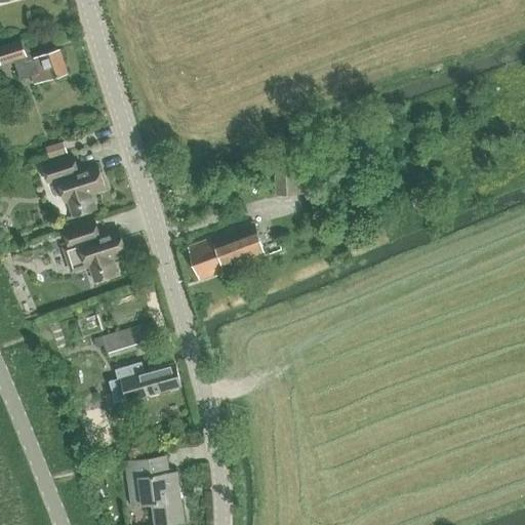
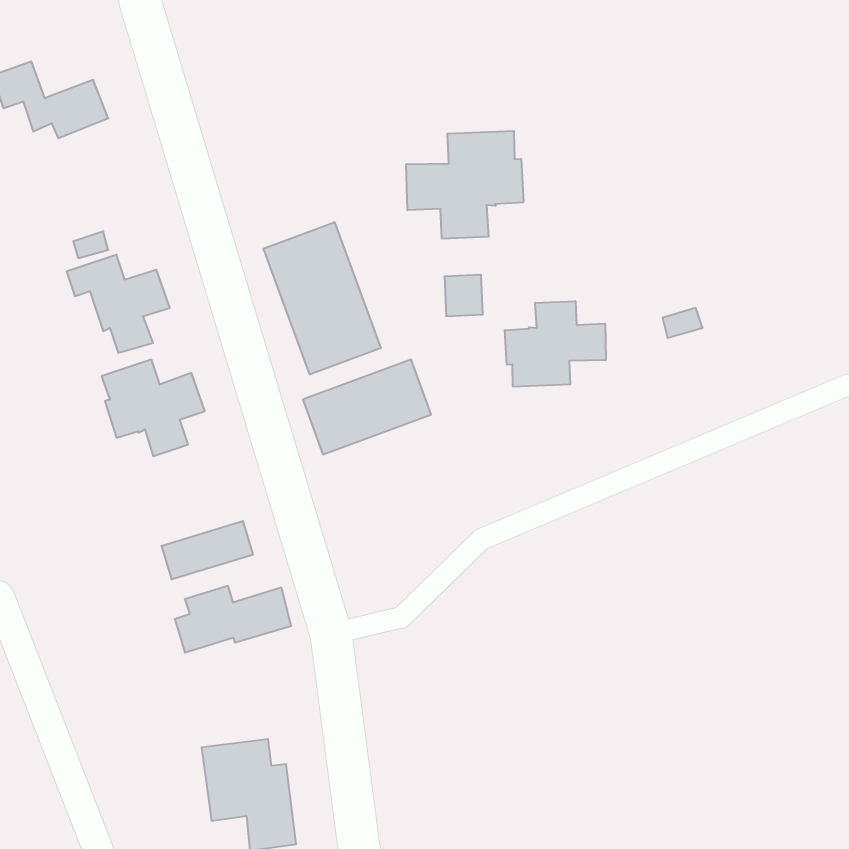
building: none -> [406,131,523,239]
building: none -> [263,222,381,375]
building: none -> [505,301,606,387]

